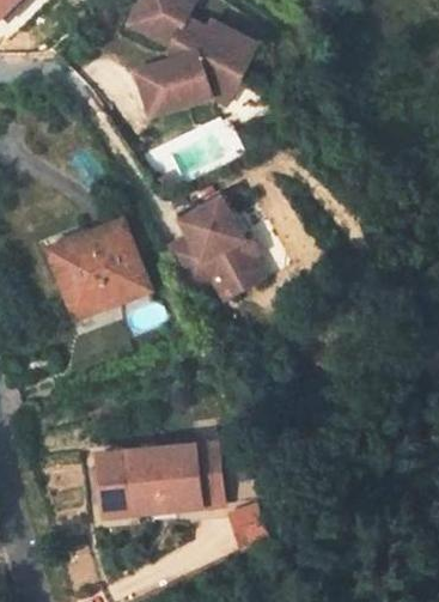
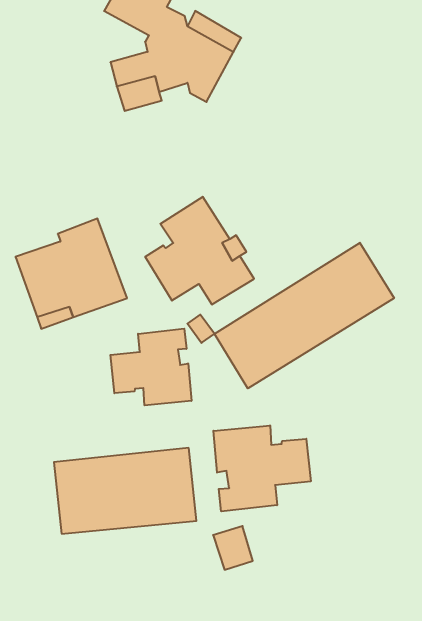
building: none -> [214,243,394,388]
building: none -> [110,329,191,405]
building: none -> [213,425,311,511]

